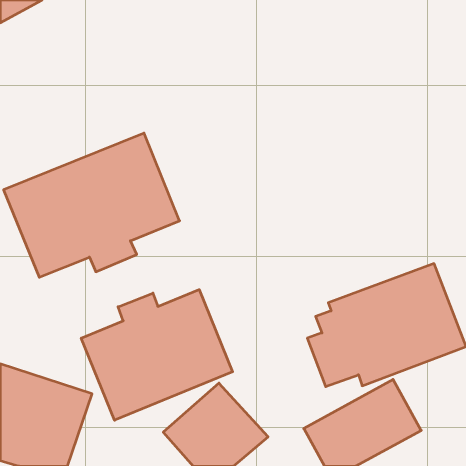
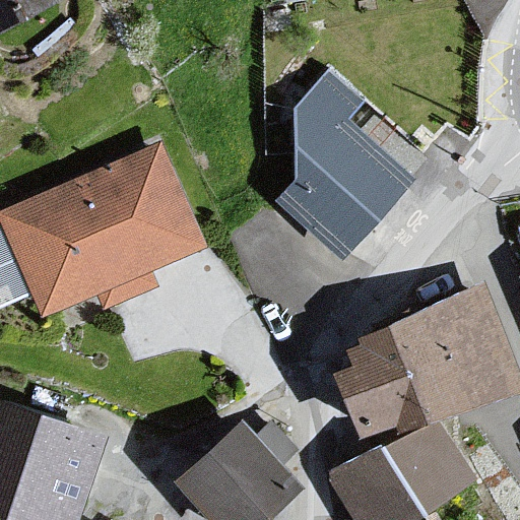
building: none -> [284,74,409,253]
building: [81,290,233,420] -> none

